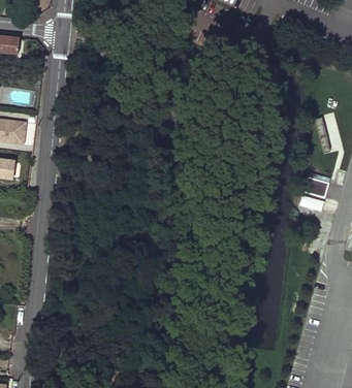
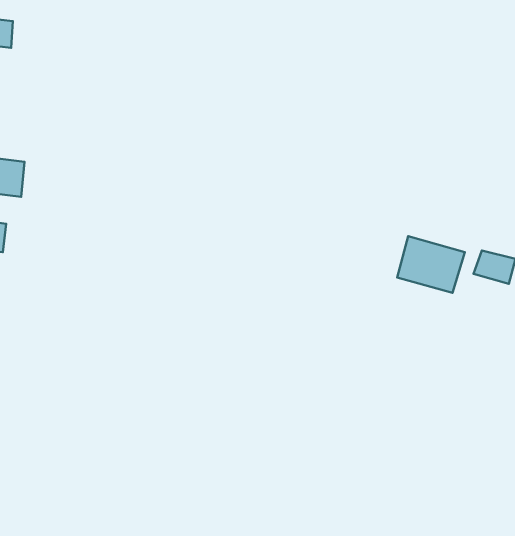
building: none -> [397,236,465,293]

